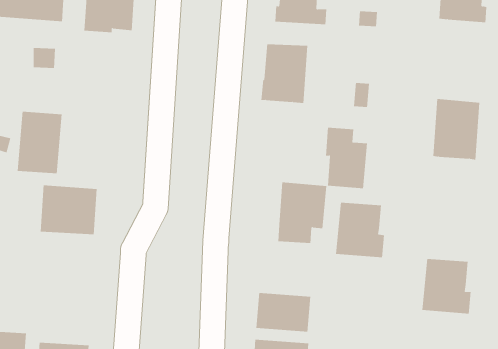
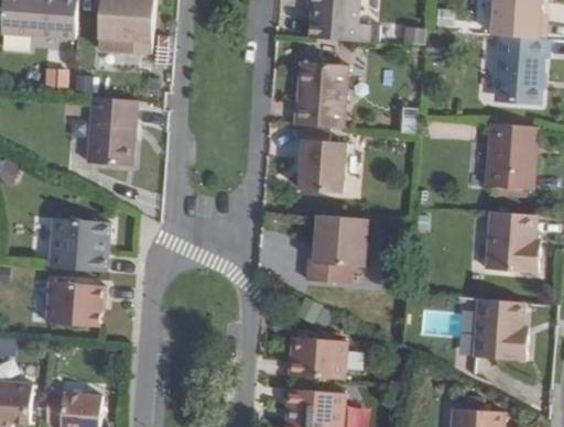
building: none -> [496,35,547,105]
building: [17,111,63,174] -> [85,96,135,165]
building: [325,127,368,189] -> [296,124,344,193]
building: [335,202,385,258] -> [484,211,539,273]
building: none -> [45,282,108,328]

